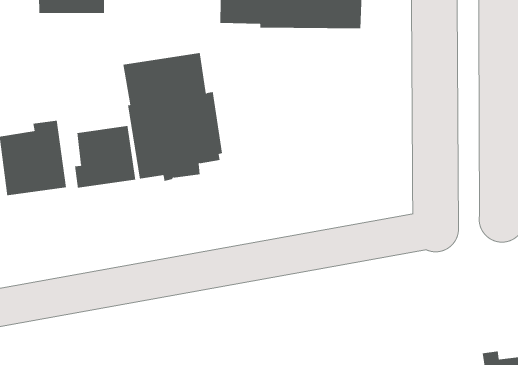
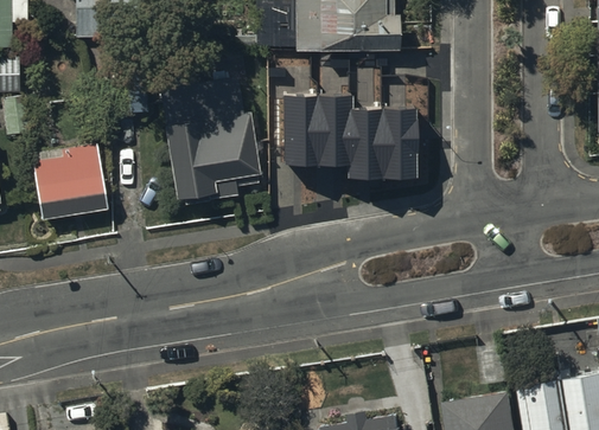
building: none -> [285,95,418,178]
building: [74,125,136,188] -> none

